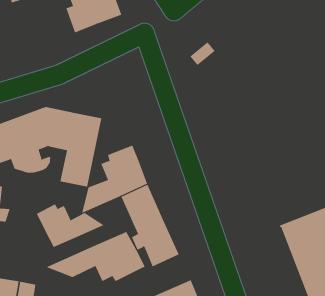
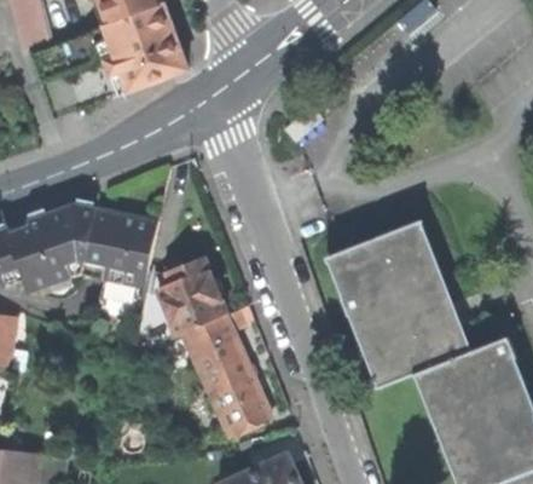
building: none -> [325,221,471,388]
building: [36,204,105,248] -> none
building: [45,231,146,282] -> none

